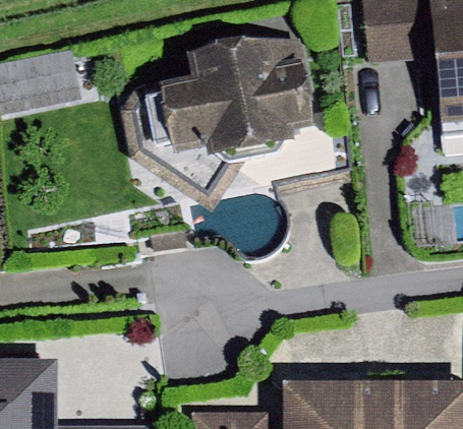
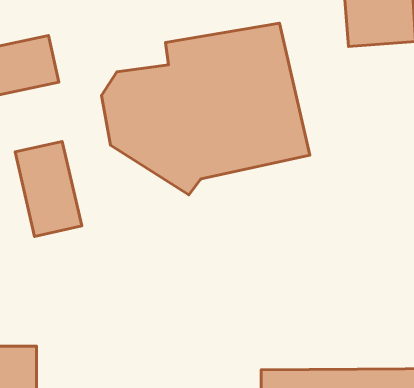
building: none -> [15,141,82,236]

